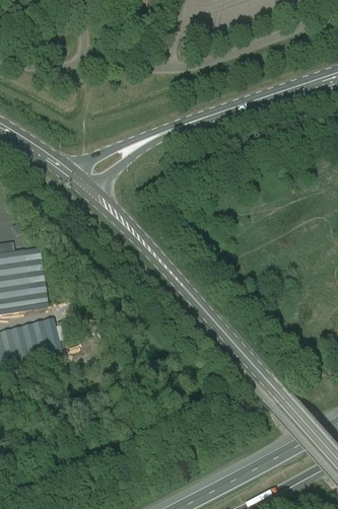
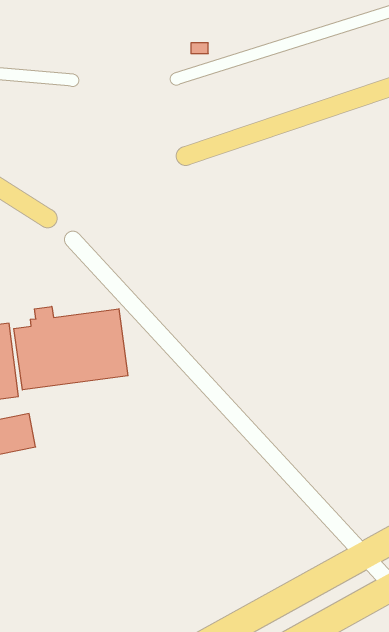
building: none -> [14,306,128,390]

